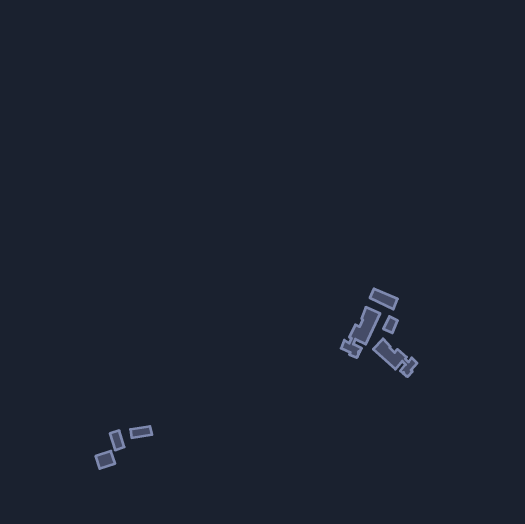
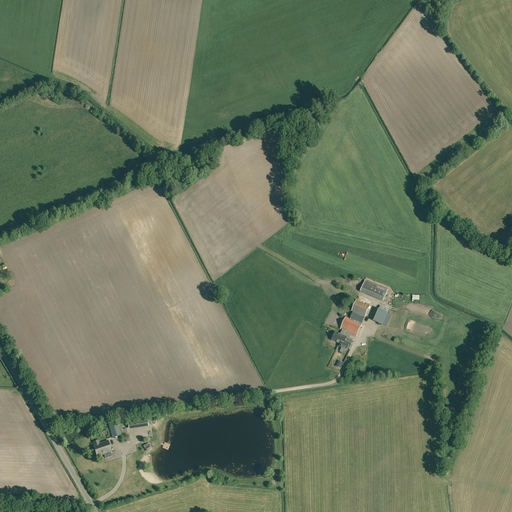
building: [373,339,417,377] -> none

